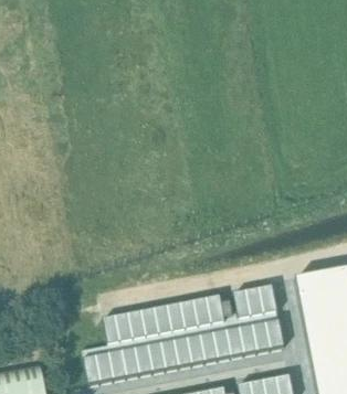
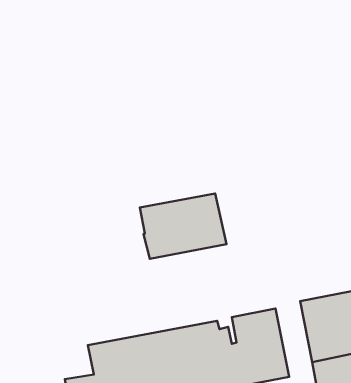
building: none -> [140,193,227,259]

